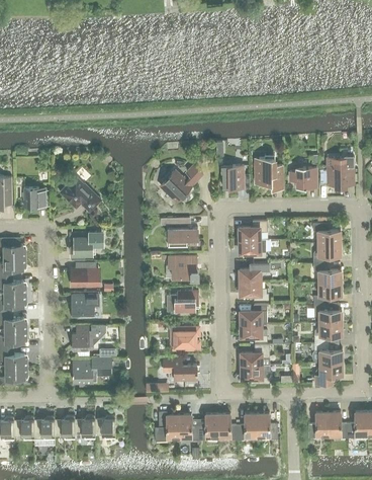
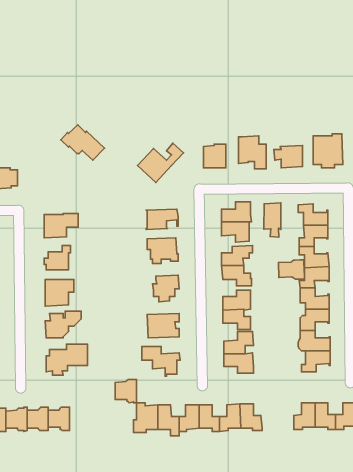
building: [60,178,101,212] -> [61,125,105,160]
building: none -> [264,203,281,237]
building: none -> [278,260,305,279]
building: [95,416,115,438] -> [115,379,137,403]

